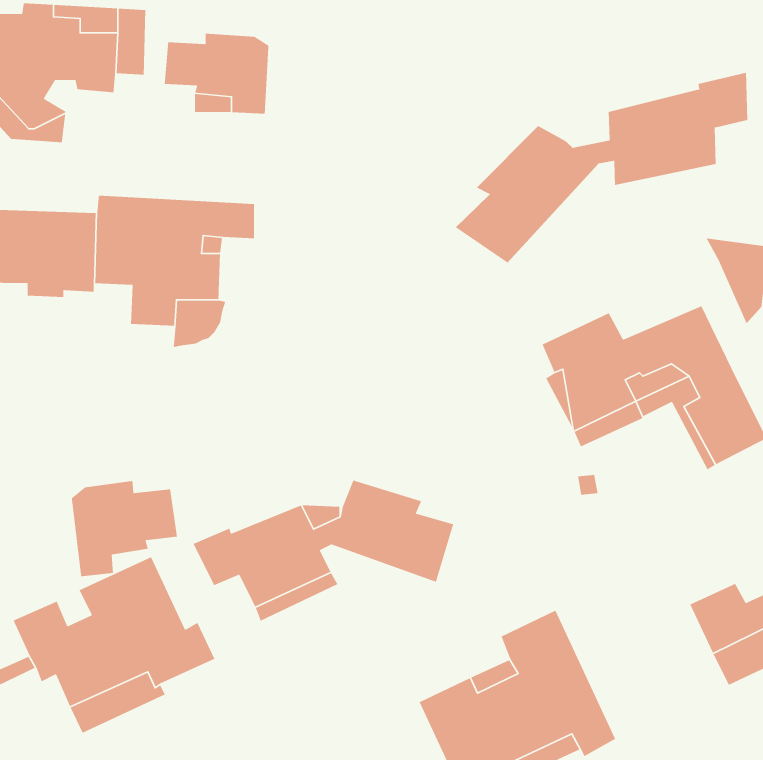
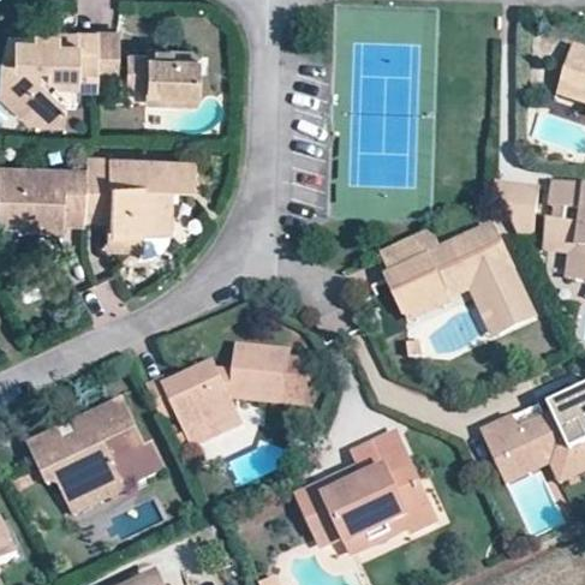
building: [455,72,748,263] -> none
building: [71,480,178,577] -> none

